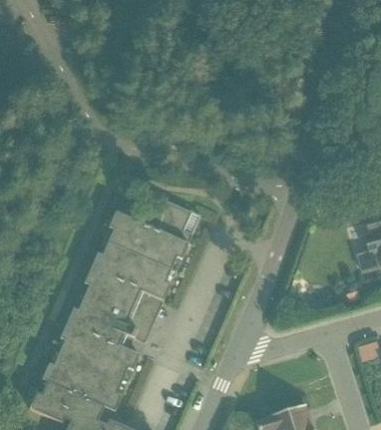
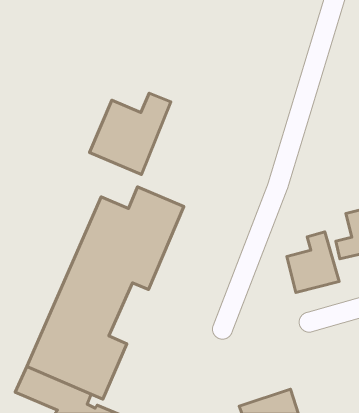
building: none -> [90,93,171,175]
building: none -> [287,232,339,292]

